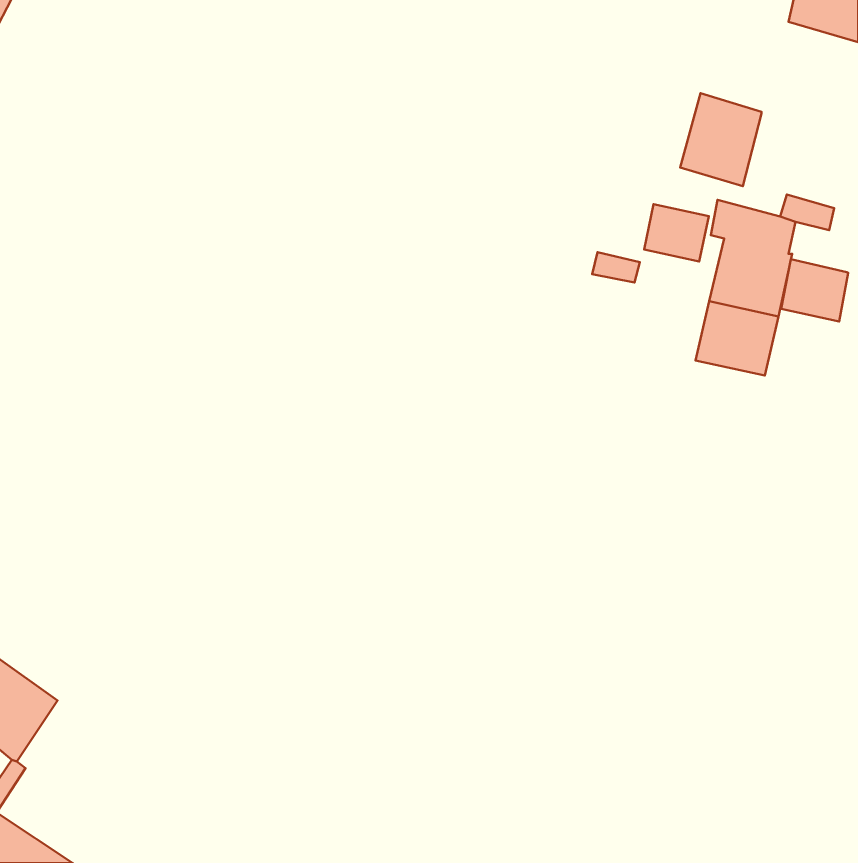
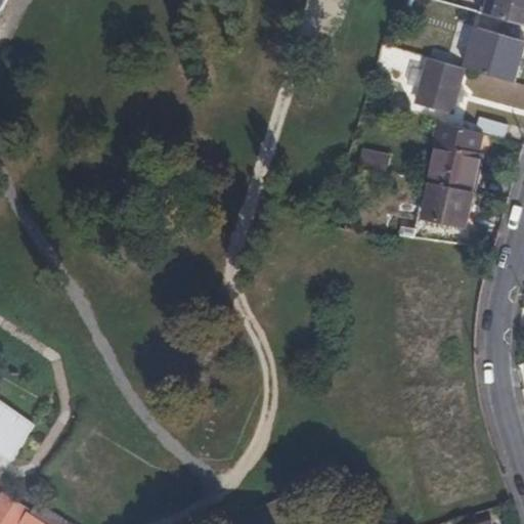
building: none -> [468,23,515,81]
building: [644,204,709,261] -> none
building: [781,259,848,321] -> none

